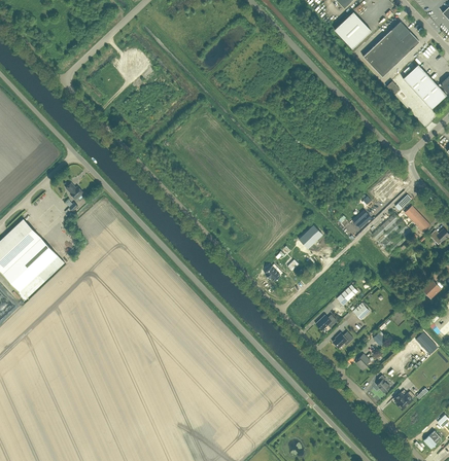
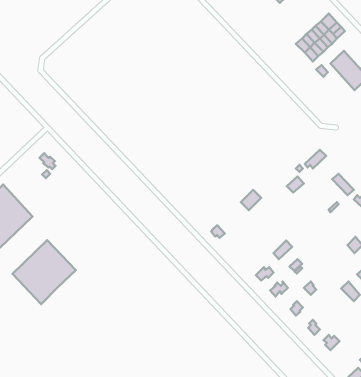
building: [334,11,371,48] -> none
building: none -> [13,240,76,304]

